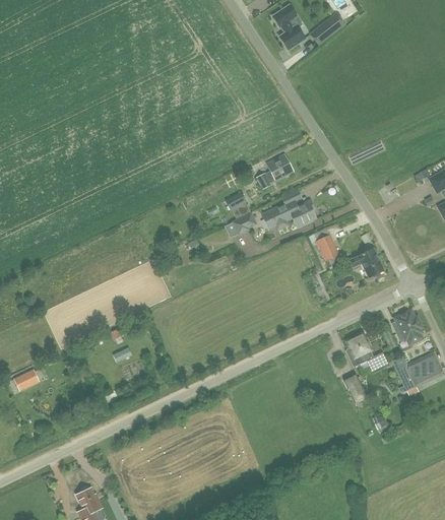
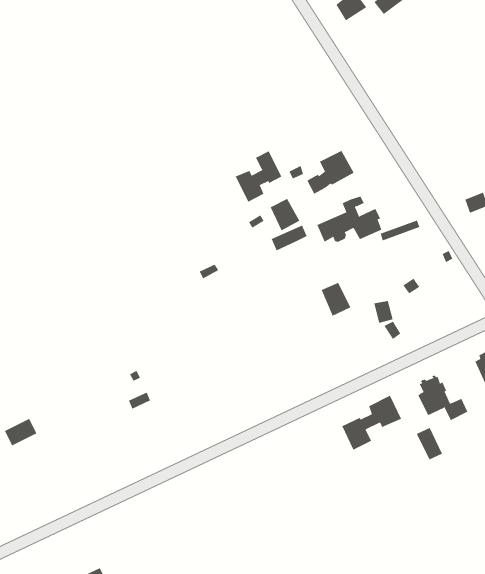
building: none -> [235,150,282,203]
building: [315,234,339,261] -> [321,282,351,316]
building: [347,246,384,277] -> none
building: none -> [342,395,402,450]

